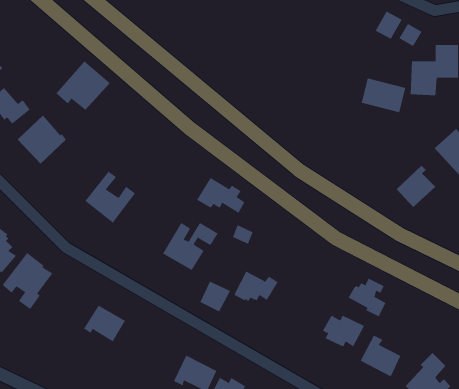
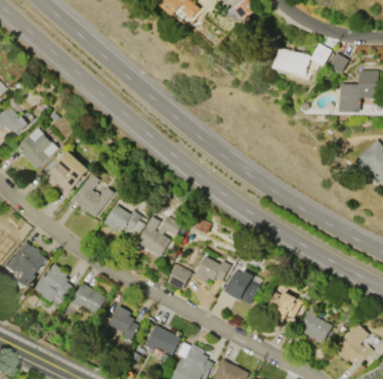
building: [56,61,111,111] -> [43,152,88,193]
building: [361,78,406,113] -> [272,47,309,76]
building: [396,165,436,208] -> none
building: [196,177,245,214] -> [103,205,143,235]
building: [348,278,386,317] -> none
building: none -> [33,264,72,305]
building: none -> [222,270,259,304]
building: none -> [109,306,139,341]

